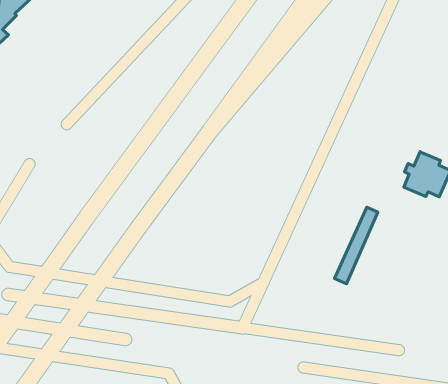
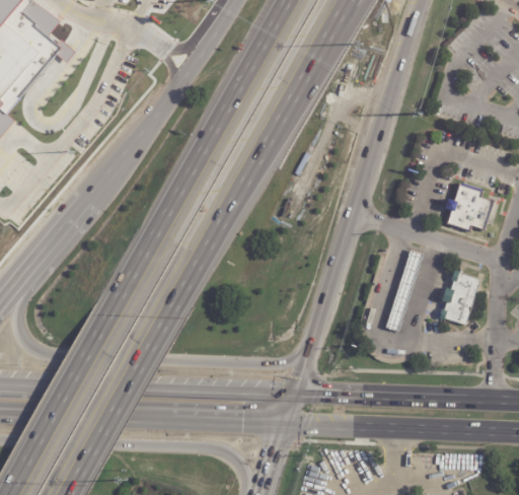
building: none -> [439,271,480,326]

